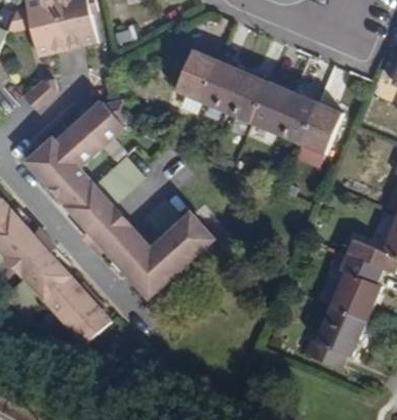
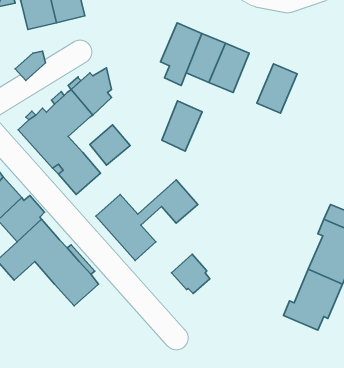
building: [251,80,293,132] -> [162,101,202,151]
building: [301,101,343,153] -> none
building: [83,205,133,253] -> none
building: [155,240,195,281] -> [172,254,210,293]

